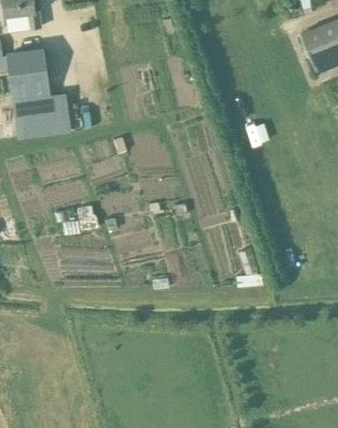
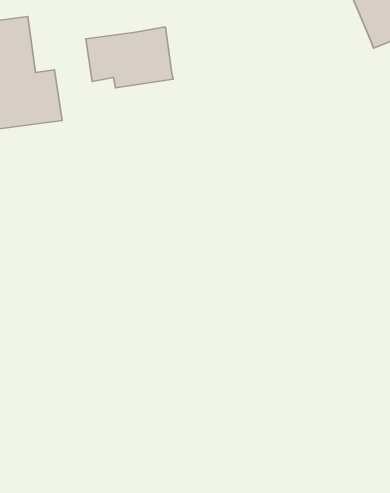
building: none -> [86,27,173,88]

